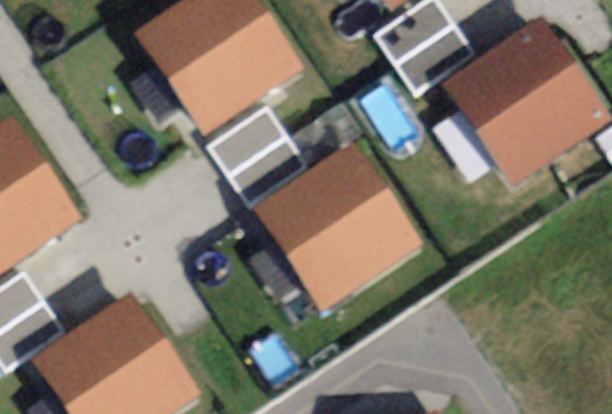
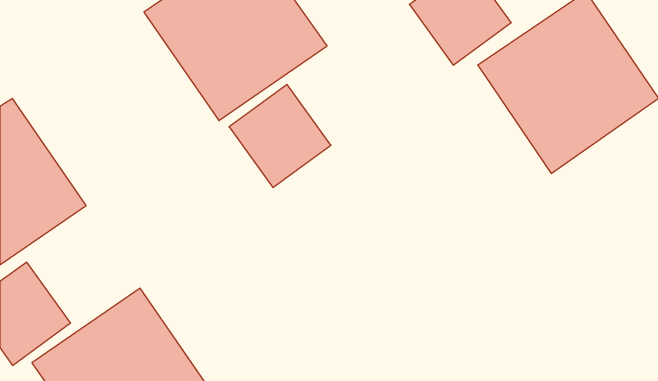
building: [252,141,422,310] -> none

